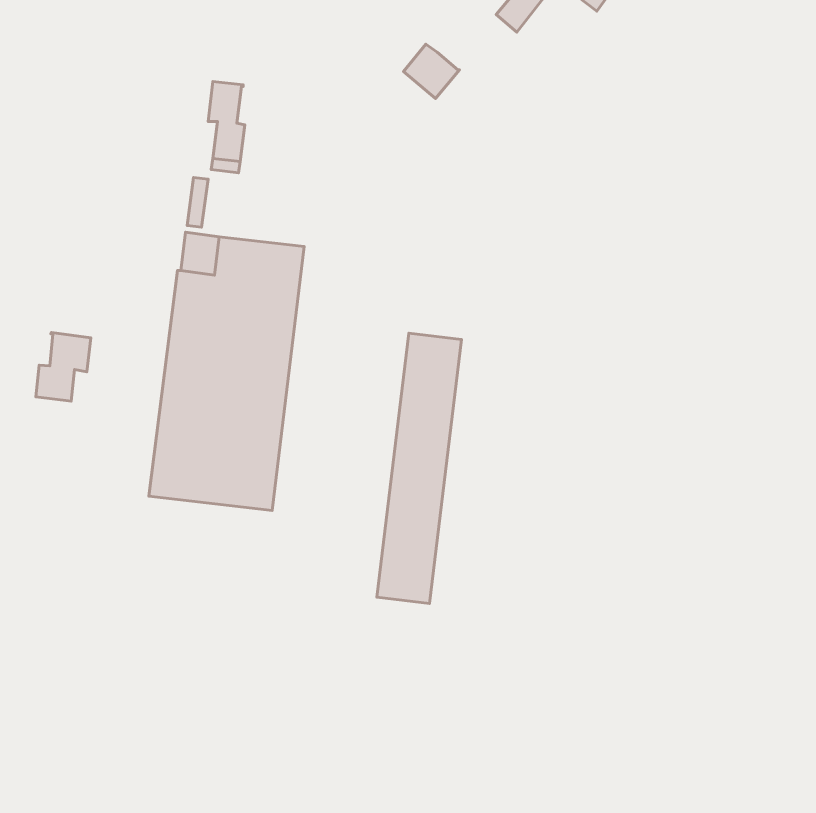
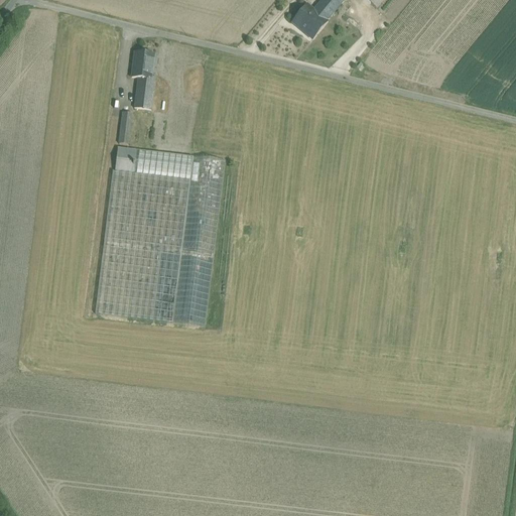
building: [404,44,460,99] -> [291,4,327,38]
building: [36,333,91,401] -> none
building: [377,333,462,604] -> [171,155,225,326]

